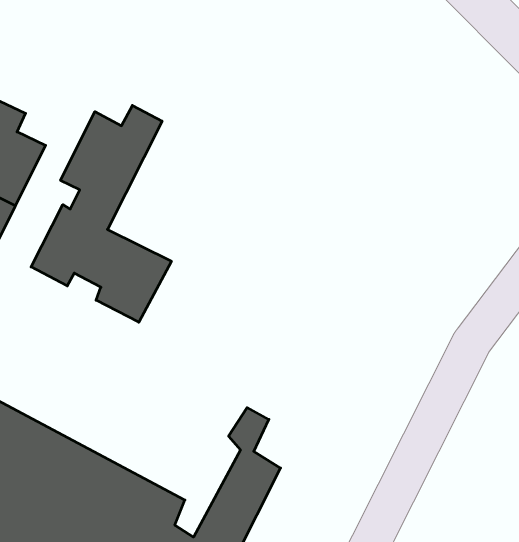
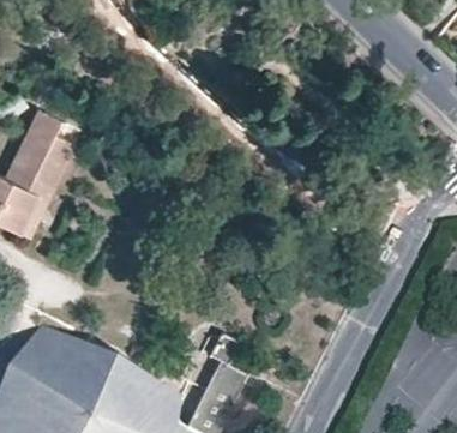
building: [31,105,171,322] -> none

